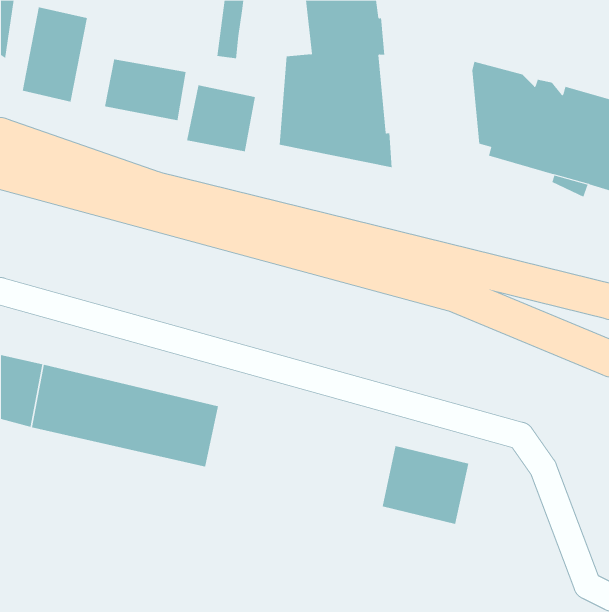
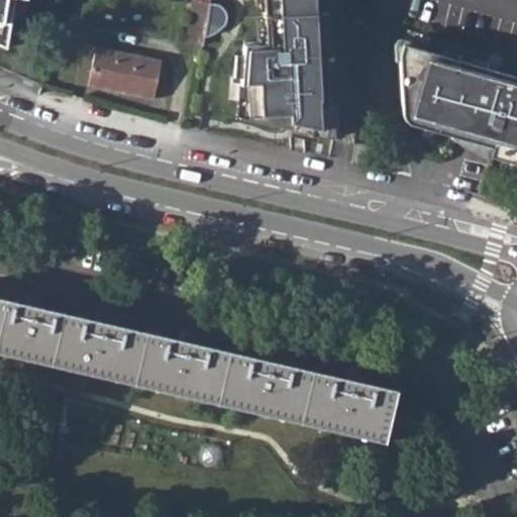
building: [22,6,87,102] -> none
building: [186,84,256,152] -> none
building: none -> [176,342,335,427]

